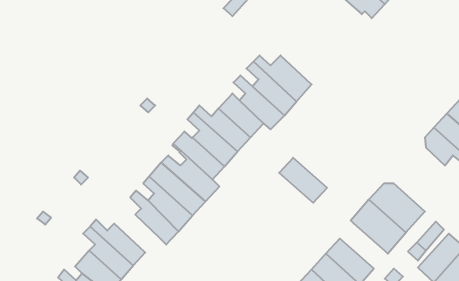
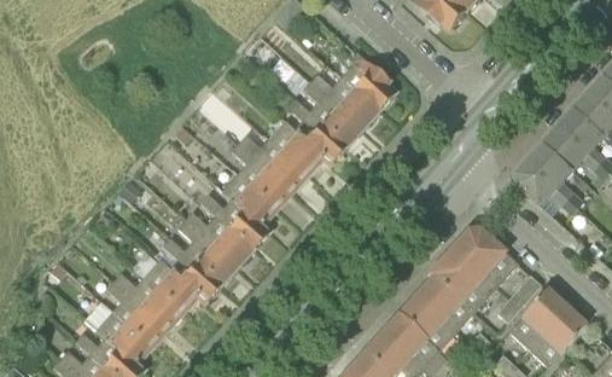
building: none -> [343,53,395,109]
building: [279,158,327,203] -> [414,277,472,331]
building: none -> [142,259,197,312]

